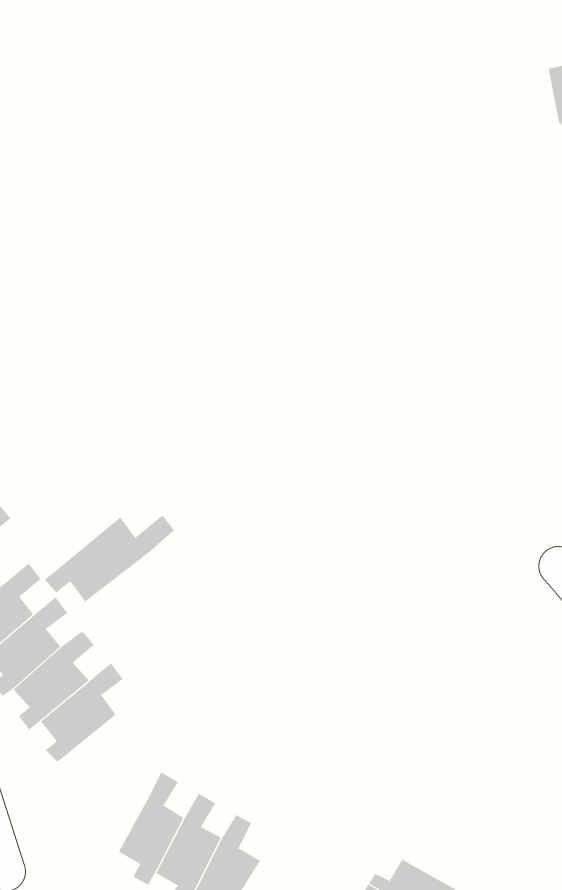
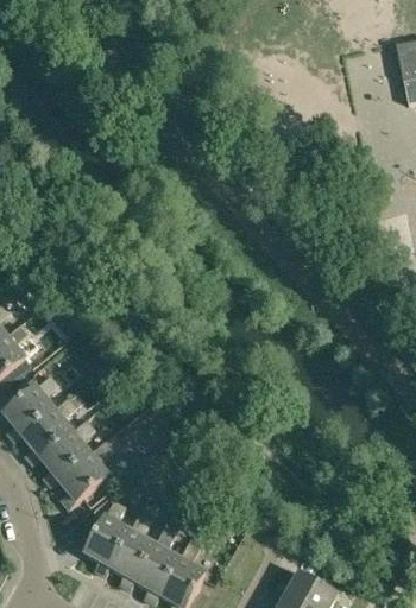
building: [44,515,175,603] -> none
building: none -> [84,500,131,576]

